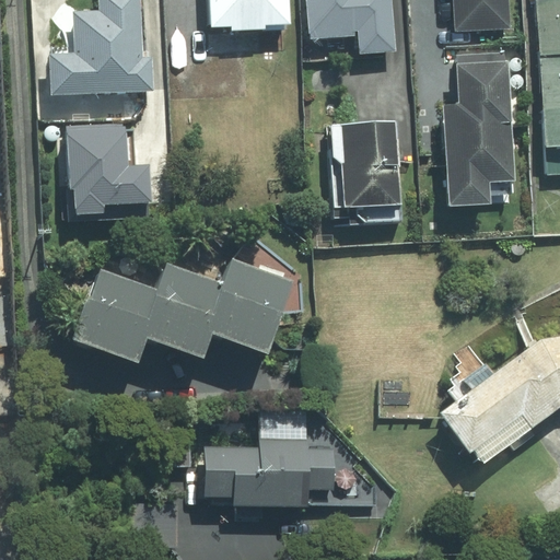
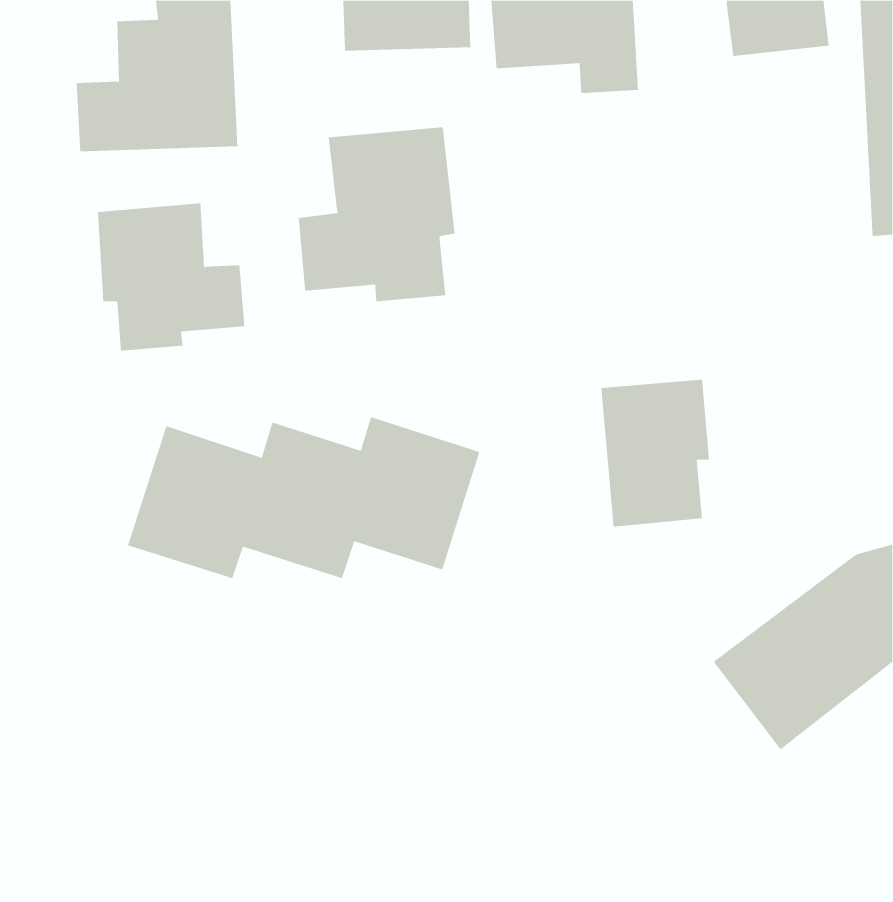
building: [442,60,515,205] -> none
building: none -> [298,127,455,302]
building: [337,117,405,209] -> [600,379,710,527]
building: [201,423,346,511] -> none

